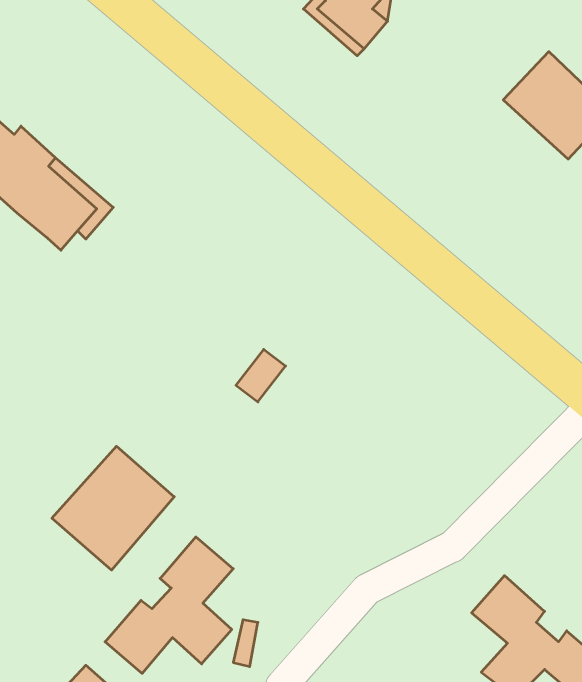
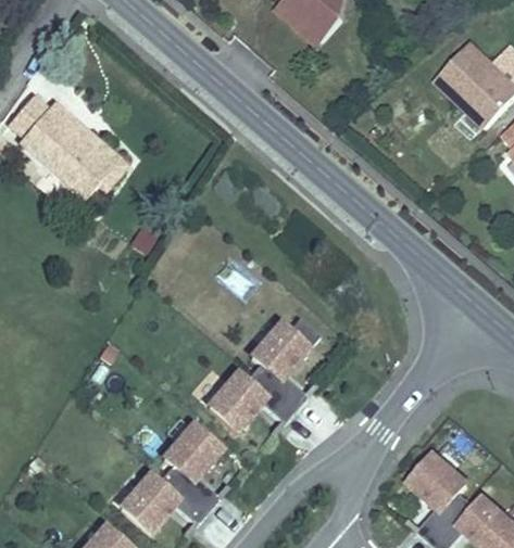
building: none -> [208,316,319,429]
building: [52,446,174,570] -> none

